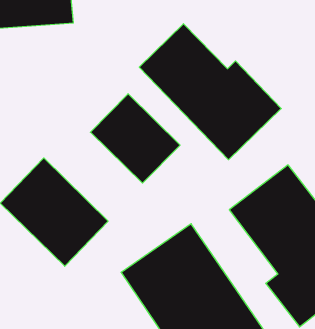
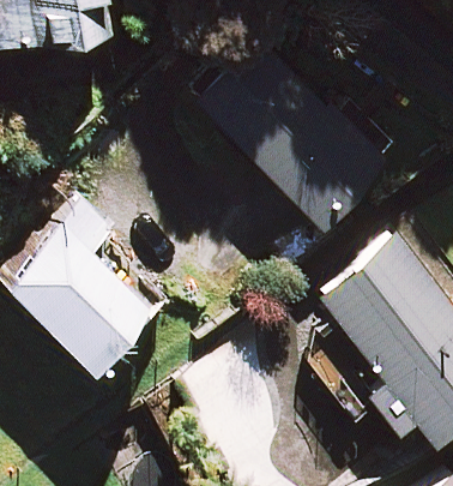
building: [90,94,180,183] -> none

